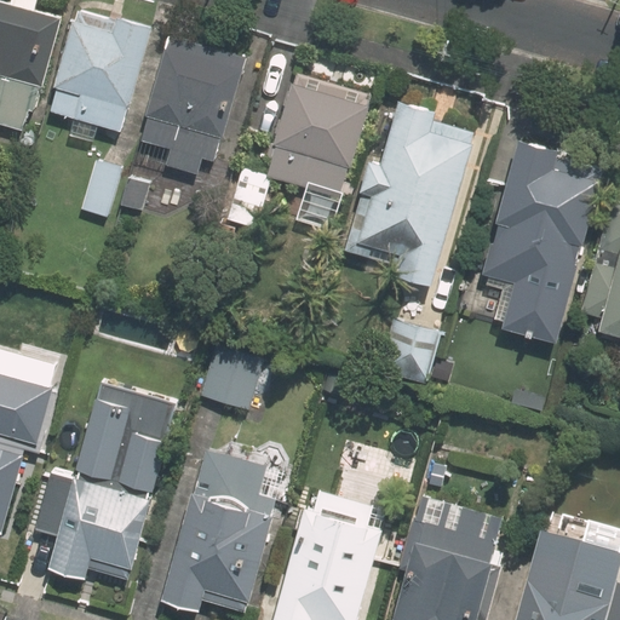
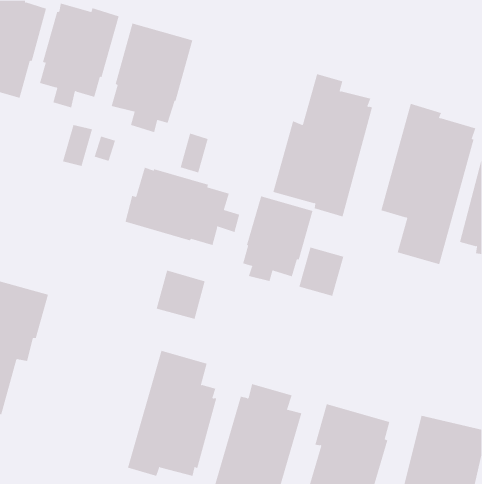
building: [263,74,366,196] -> none
building: none -> [125,167,240,246]
building: none -> [243,195,313,282]
building: [35,381,179,586] -> none

